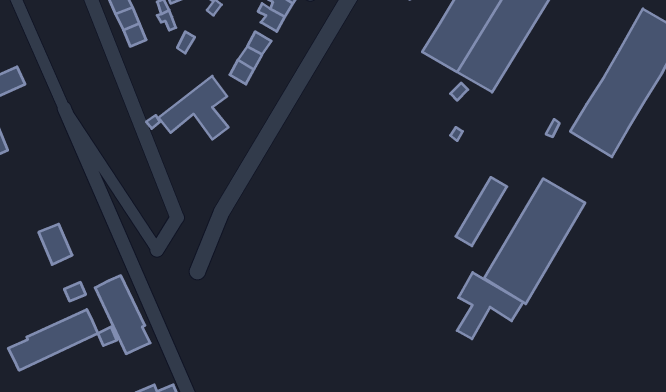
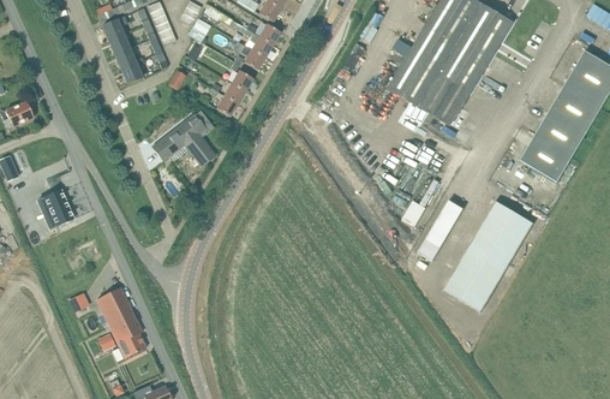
building: [39,224,72,265] -> [43,190,73,226]
building: [457,272,523,339] -> none
building: [8,309,98,370] -> none

